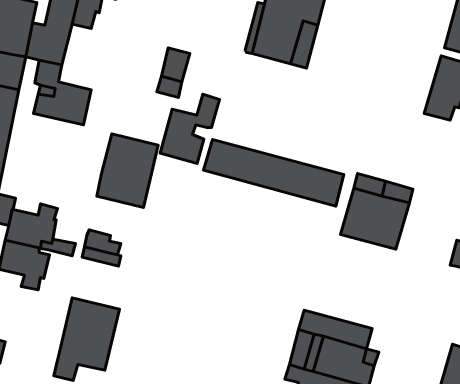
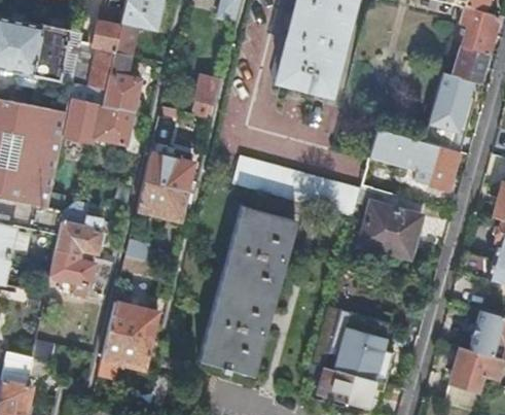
building: none -> [103,54,141,113]
building: [160,94,220,163] -> none
building: none -> [371,129,461,192]
building: none -> [201,208,296,376]

